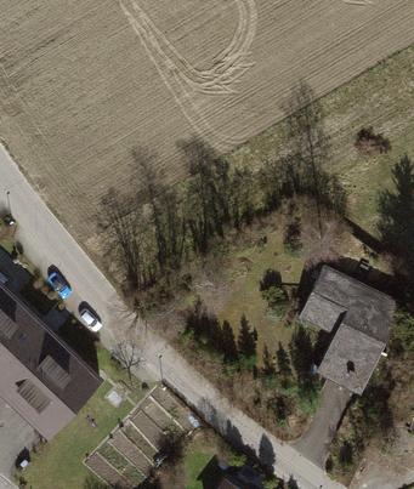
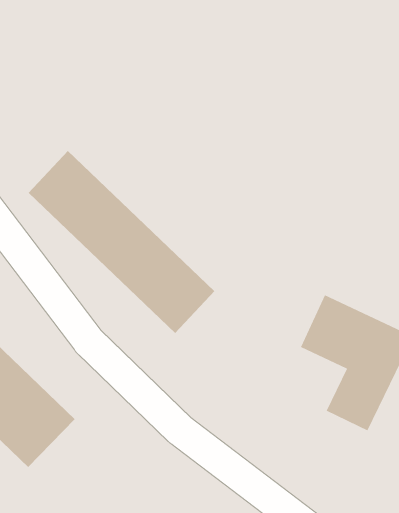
building: none -> [28,150,215,334]

